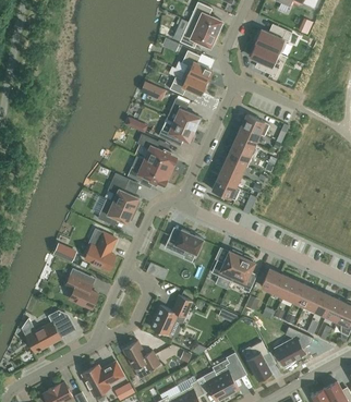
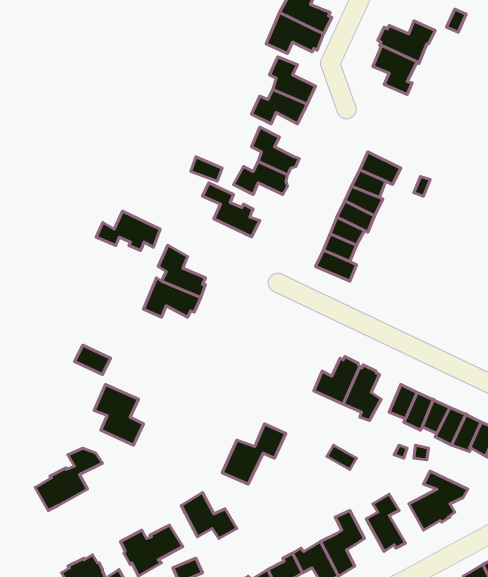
building: [128,158,170,184] -> [96,211,160,250]
building: [165,229,204,256] -> none
building: [85,232,117,269] -> none

